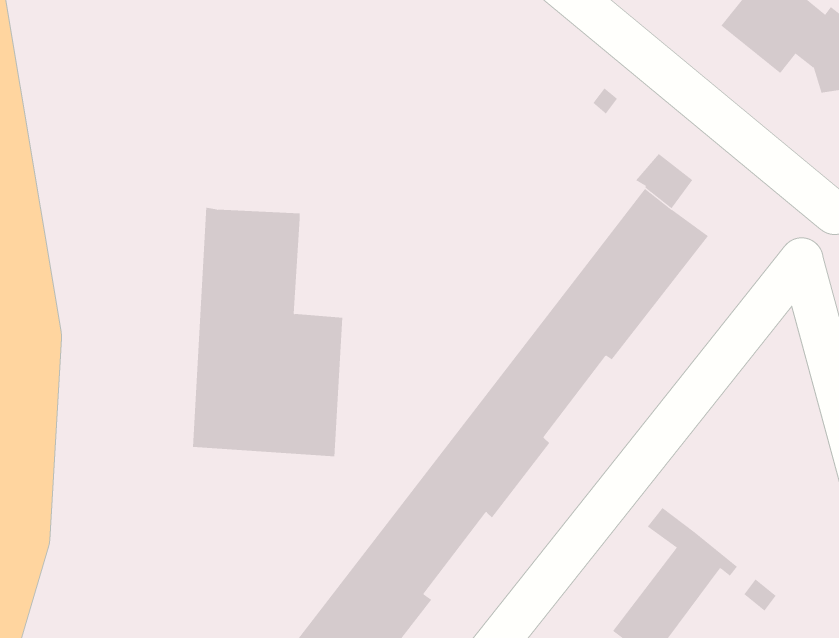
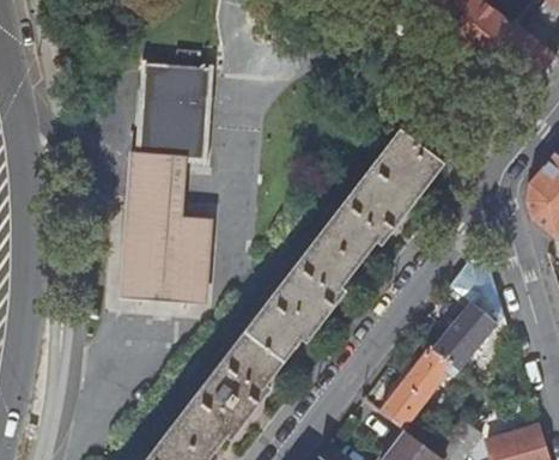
building: none -> [135,58,209,157]
building: none -> [431,260,500,371]

